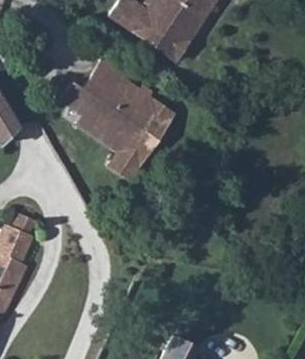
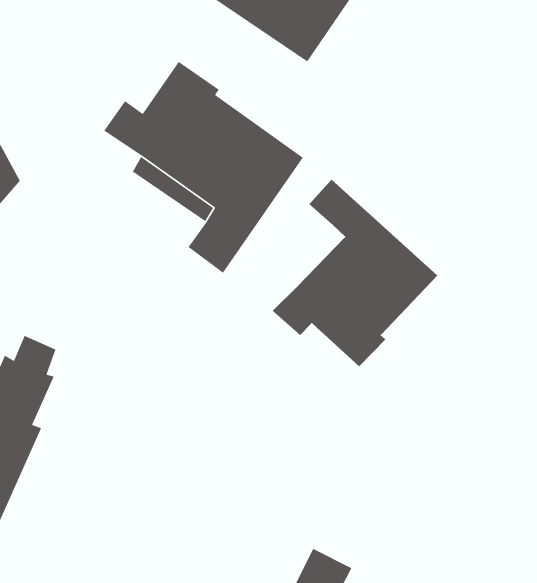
building: none -> [272,179,438,367]

